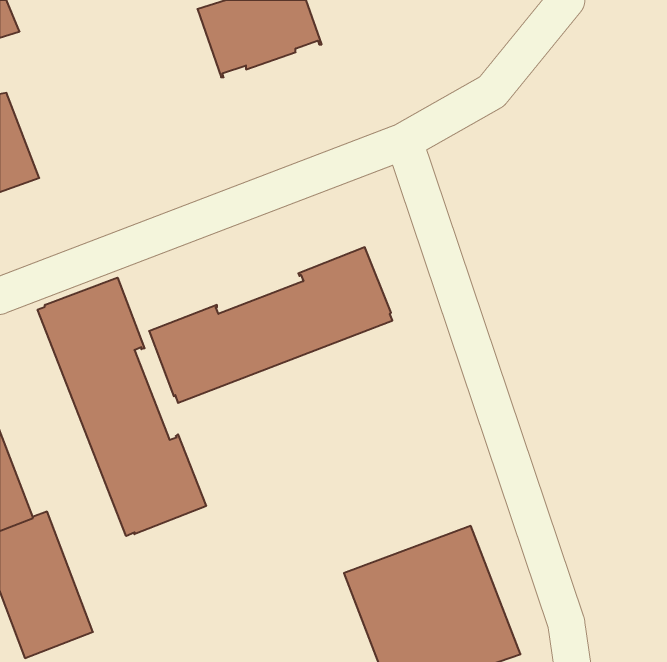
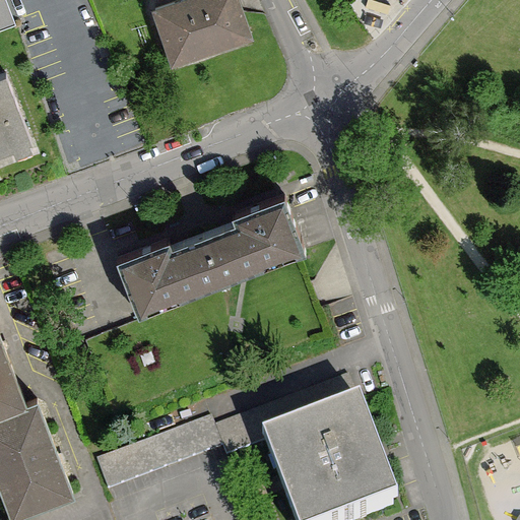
building: [38,278,206,536] -> none
building: none -> [94,383,363,497]

